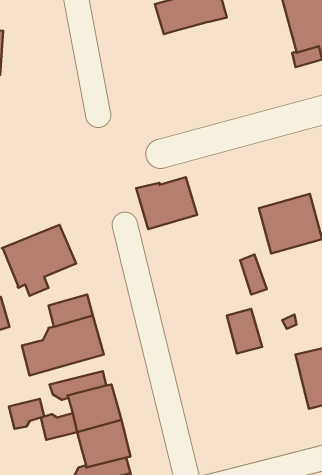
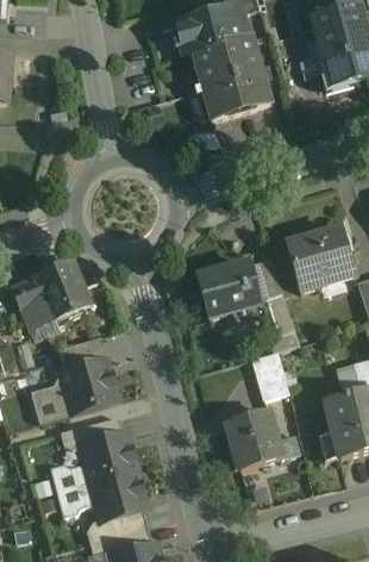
building: none -> [192,37,270,119]
building: [136,177,197,229] -> [195,262,261,318]
building: none -> [225,410,281,469]
building: [9,399,44,429] -> [57,482,95,514]

